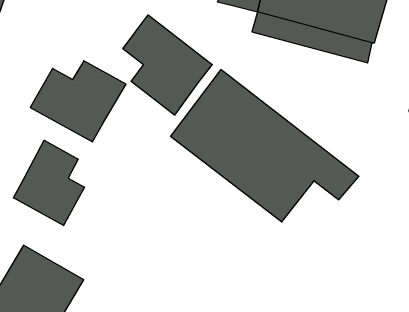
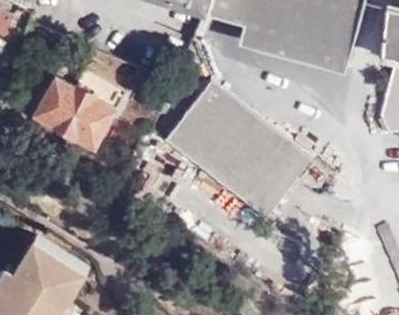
building: [123,15,212,115] -> none
building: [13,140,84,226] -> none

